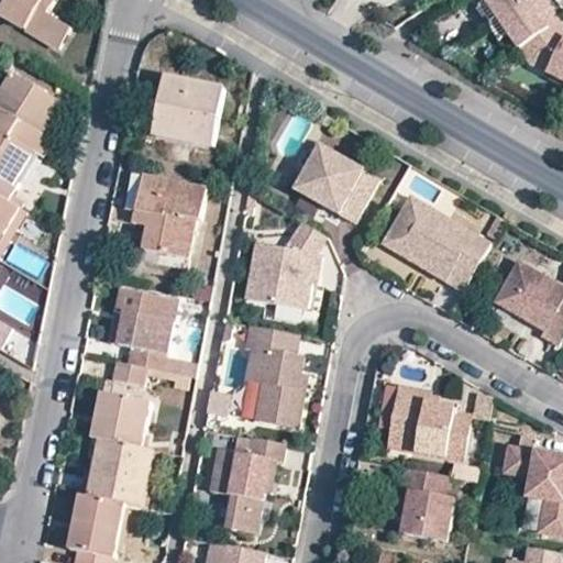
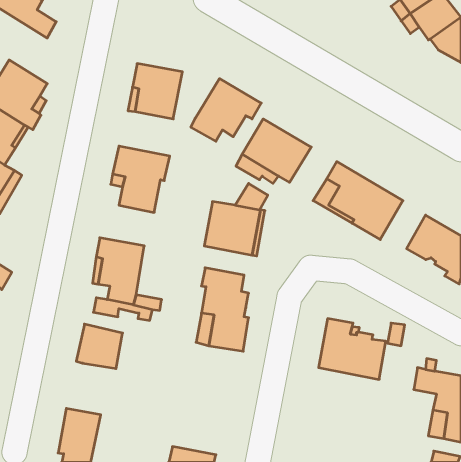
building: none -> [191,79,261,141]
building: [208,434,283,530] -> none
building: [80,440,153,507] -> none
building: [397,467,452,540] -> none

